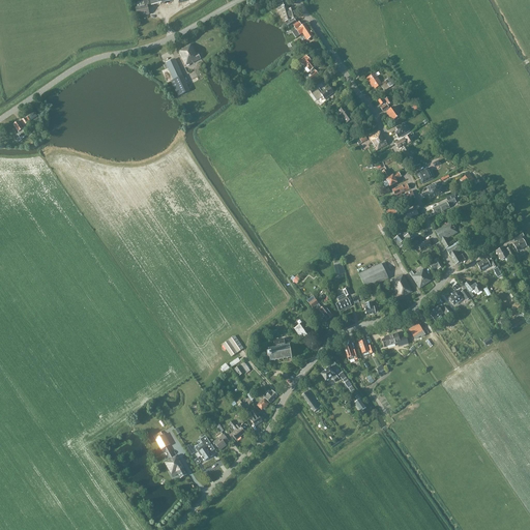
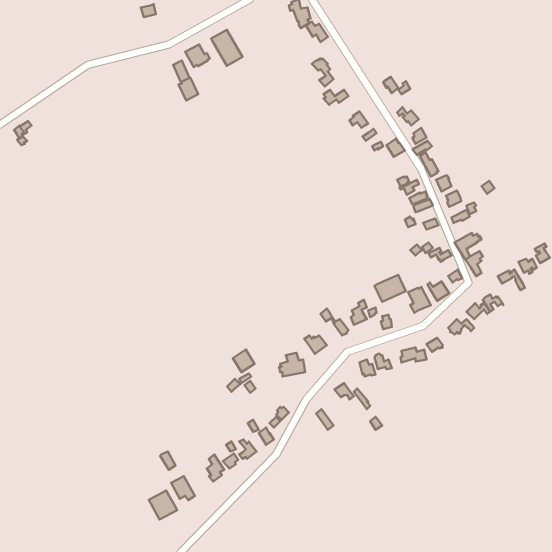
building: none -> [211,30,242,66]
building: none -> [149,490,177,520]

